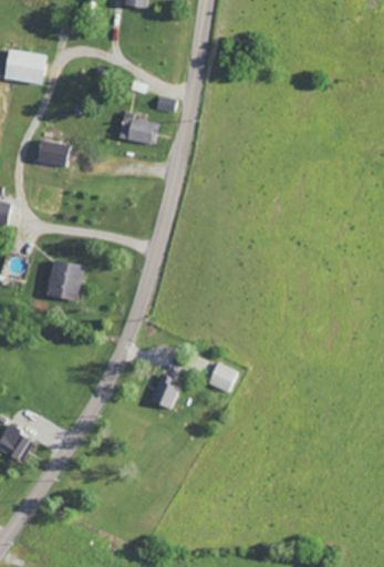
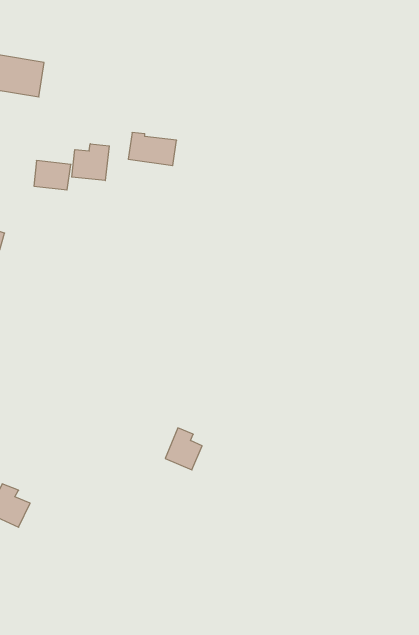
building: none -> [72,144,109,181]
building: [48,259,83,298] -> none
building: [208,361,241,393] -> none

